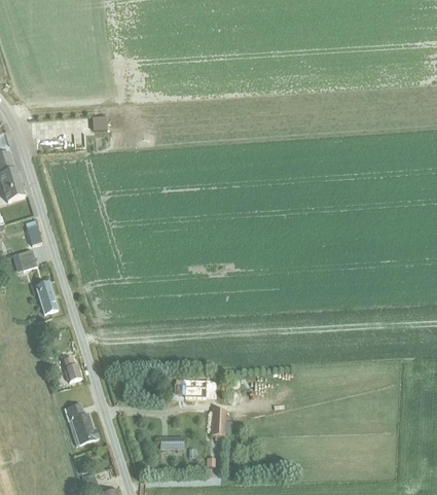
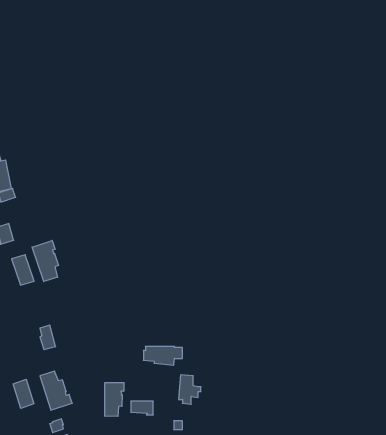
building: none -> [32,240,58,282]
building: none -> [13,379,34,408]
building: none -> [105,383,124,416]

